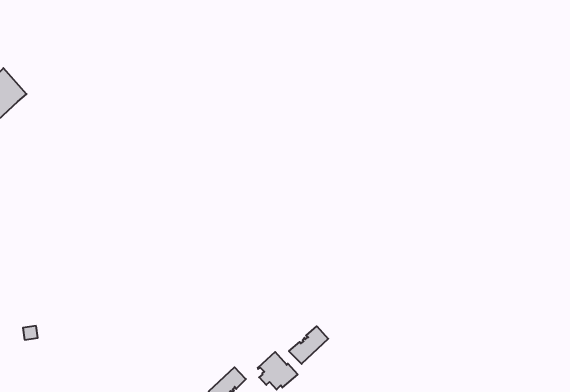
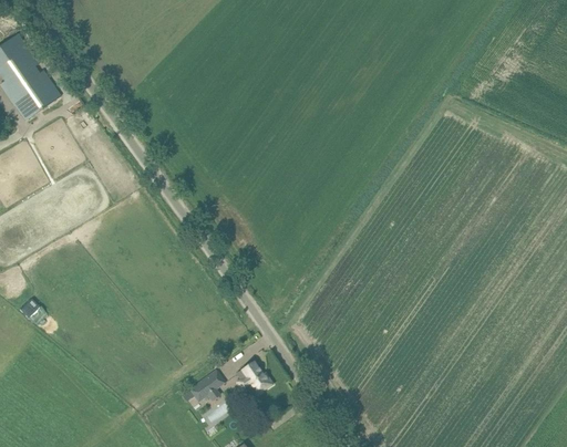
building: [289,326,328,364] -> none

